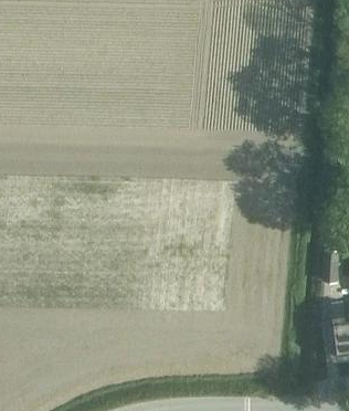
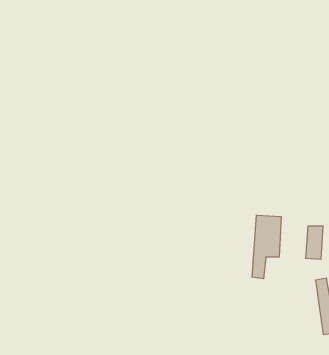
building: none -> [252,215,281,279]

